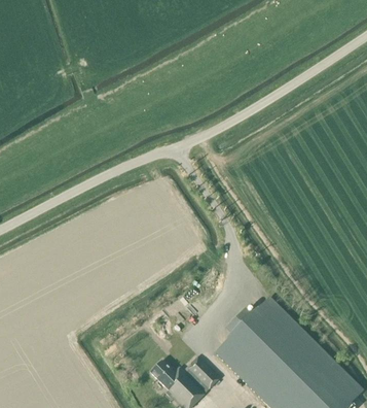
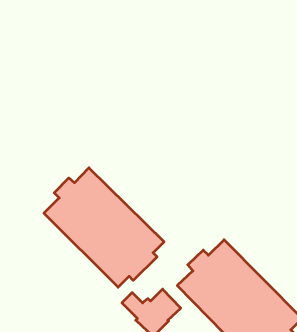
building: none -> [44,168,164,287]

